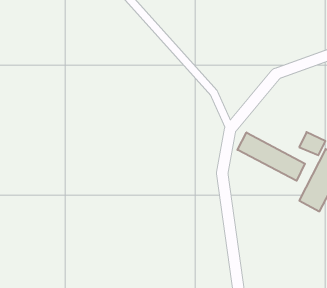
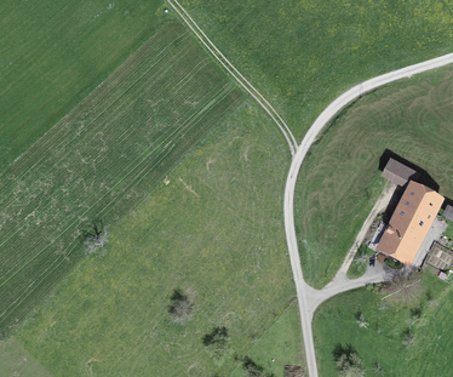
building: [237,132,305,181] -> none

